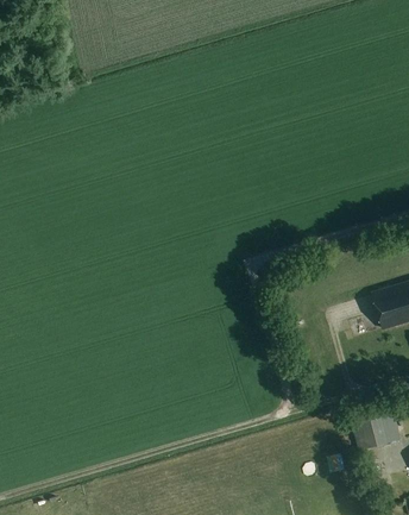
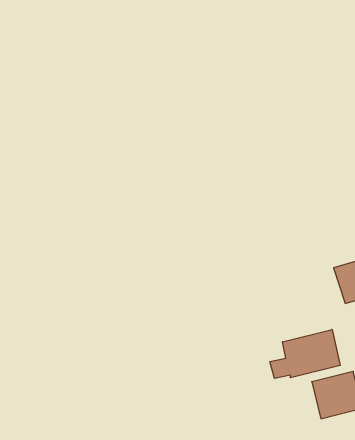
building: none -> [270,329,340,378]

